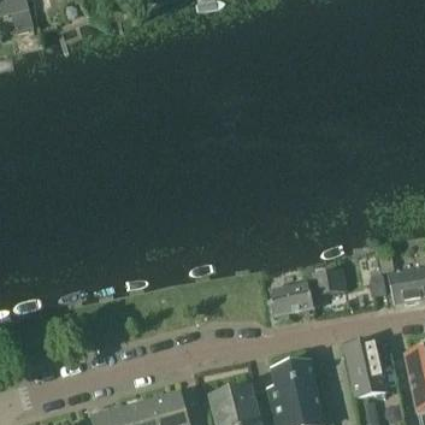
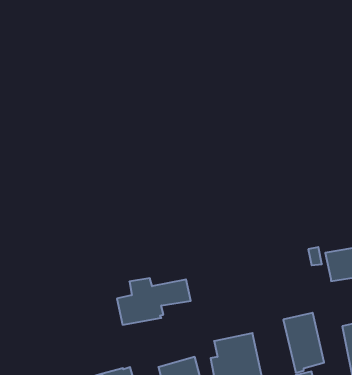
building: [267,265,346,314] -> [117,278,191,325]

